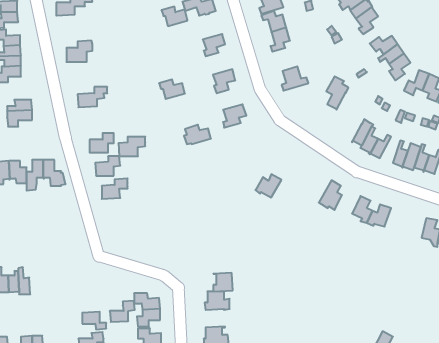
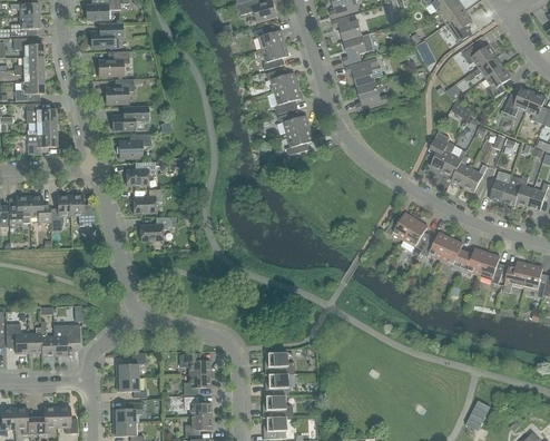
building: [161,7,187,26] -> [254,26,285,49]
building: none -> [90,22,121,48]
building: none -> [345,57,383,87]
building: none -> [105,78,134,104]
building: [326,76,348,110] -> [429,131,455,171]
building: [159,79,185,99] -> [266,68,297,91]
building: none -> [26,102,56,122]
building: [184,125,211,144] -> [277,110,310,134]
building: [118,137,145,156] -> [118,134,150,157]
building: [255,174,281,197] -> [385,212,416,239]
building: none -> [421,232,451,258]
building: none -> [480,252,503,284]
building: none -> [503,261,530,292]
building: none -> [53,325,80,355]
building: [213,273,233,291] -> [265,373,288,395]
building: [110,301,135,322] -> [116,352,146,378]

